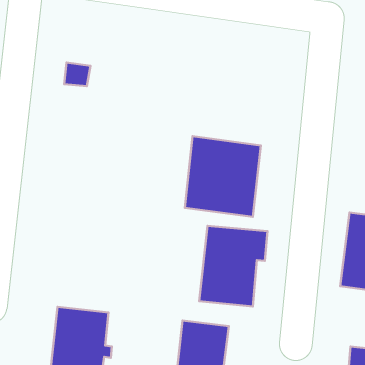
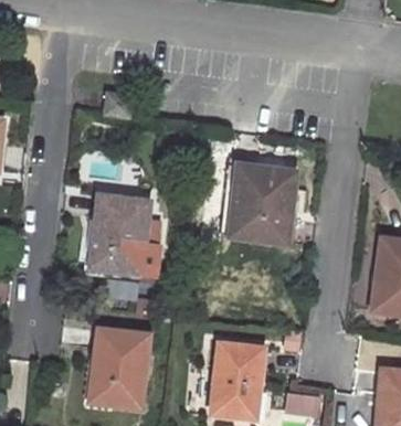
building: none -> [89,195,149,274]
building: [199,226,268,306] -> none

